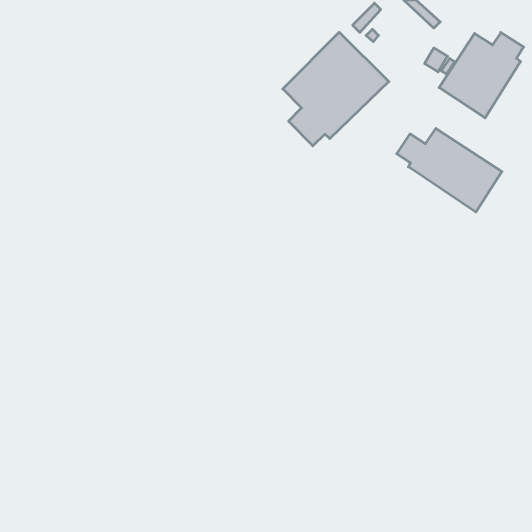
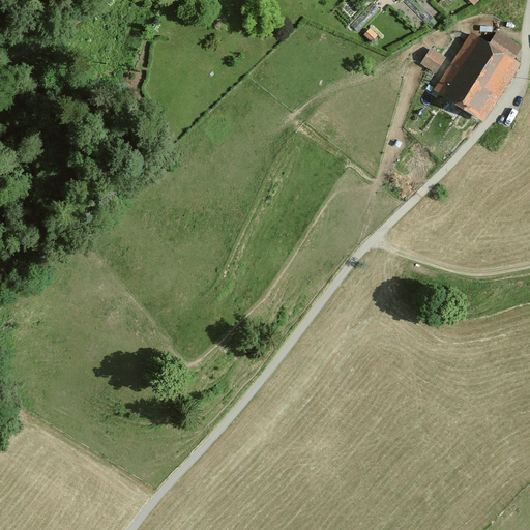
building: [283,32,389,146] -> none
building: [397,128,502,212] -> none

